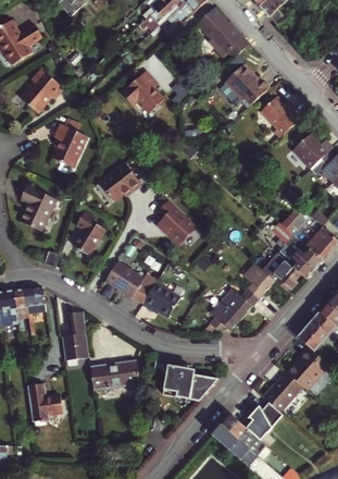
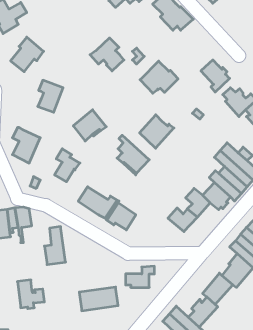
building: [222,66,271,108] -> [140,61,178,93]
building: none -> [140,115,174,148]
building: [208,302,240,334] -> none
building: [89,360,139,391] -> [79,287,118,311]

